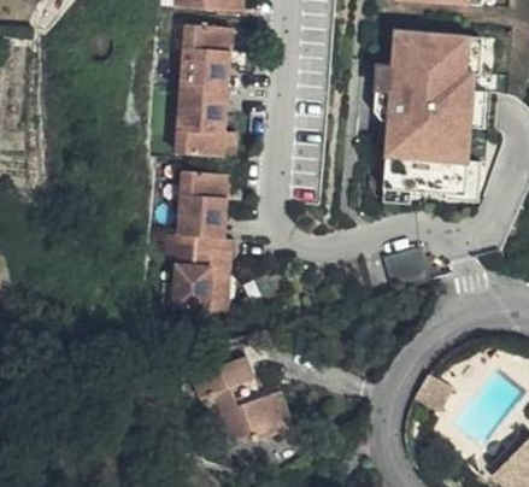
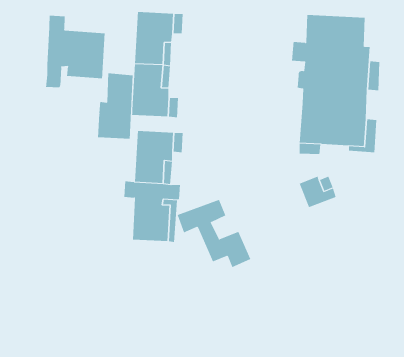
building: none -> [45,15,105,88]
building: none -> [98,73,133,140]
building: [196,357,289,442] -> [177,199,251,268]

